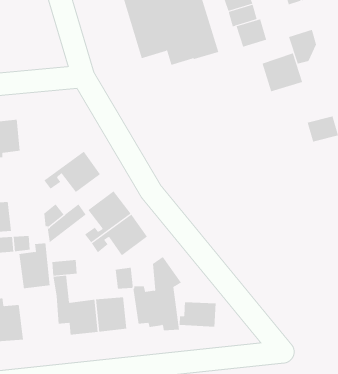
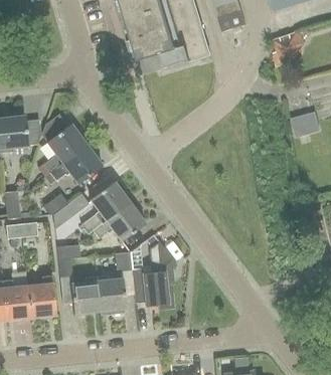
building: [236,18,267,48] -> none
building: [262,52,303,92] -> none
building: none -> [43,124,87,172]
building: [19,243,50,289] -> [27,275,56,318]
building: [179,301,216,328] -> none

